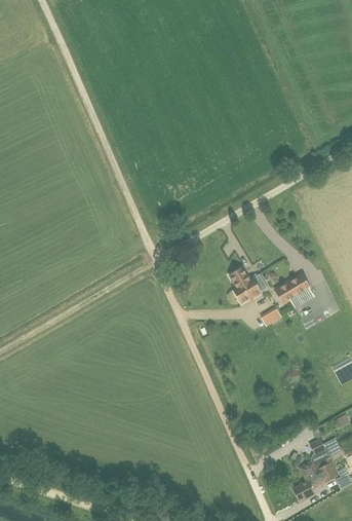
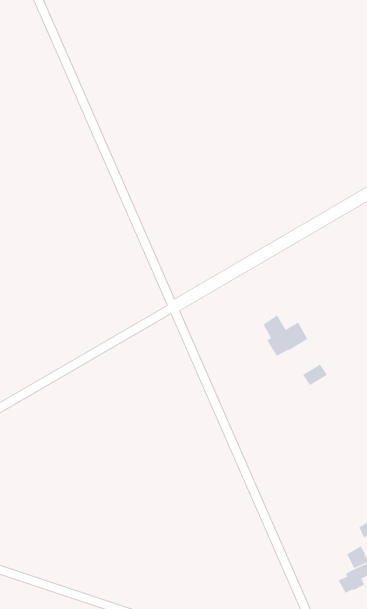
building: [273,273,308,303] -> none

